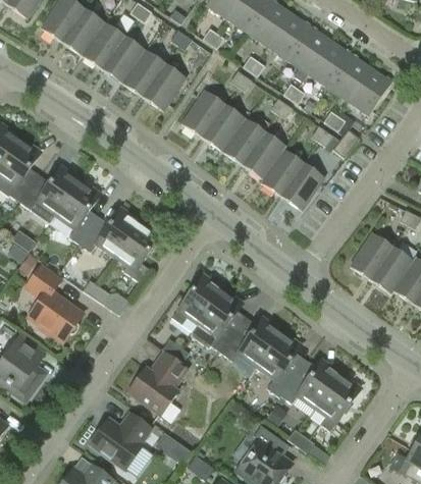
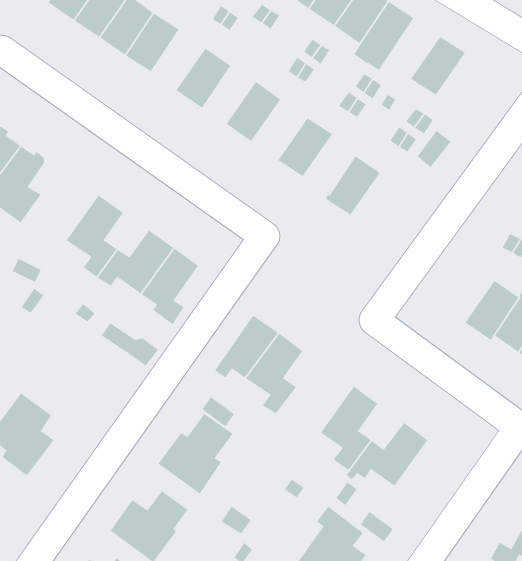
building: [303,40,351,88] -> none
building: [122,49,165,97] -> none
building: [348,67,391,115] -> none
building: [202,104,246,152] -> none
building: [243,131,286,179] -> none
building: [280,162,324,210] -> none
building: [19,165,81,215] -> none
building: [350,232,393,280] -> none
building: [25,265,83,341] -> none
building: [221,316,282,367] -> none
building: [315,373,361,431] -> none
building: [154,431,191,464] -> none

